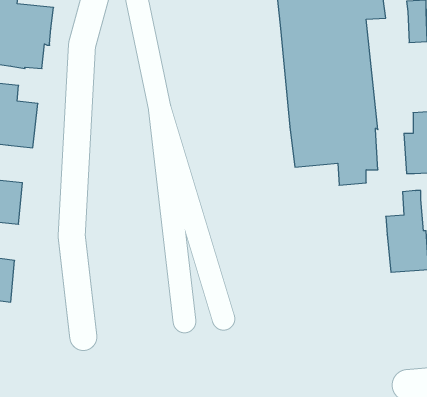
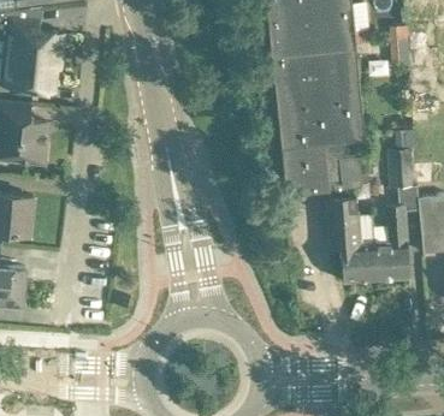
building: none -> [326,198,374,284]

